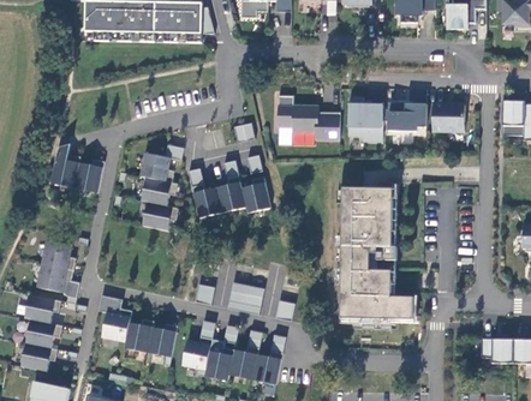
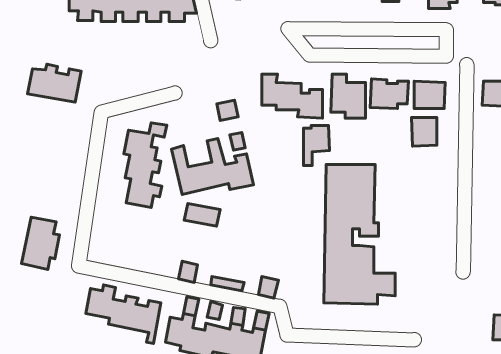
building: none -> [411,118,437,146]
building: none -> [303,126,329,165]
building: [49,152,103,191] -> [28,64,81,102]
building: [228,282,264,305] -> [184,204,220,226]
building: [20,294,61,371] -> none
building: [481,337,513,363] -> none

